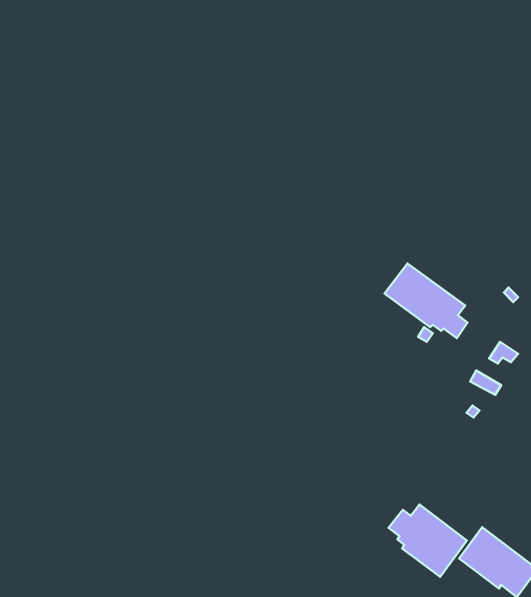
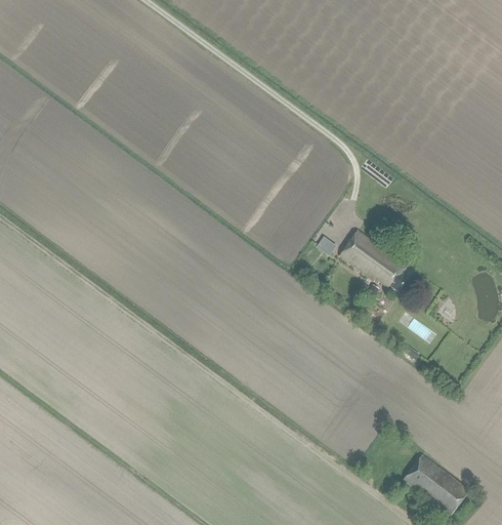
building: [389,504,467,577] -> none

